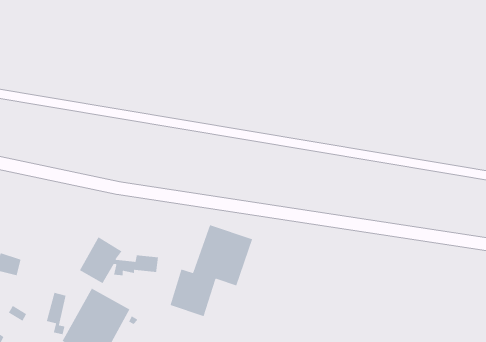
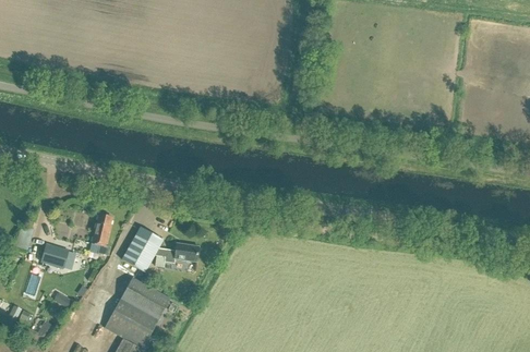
building: [169,224,253,317] -> none
building: [46,292,67,335] -> [92,214,111,255]

